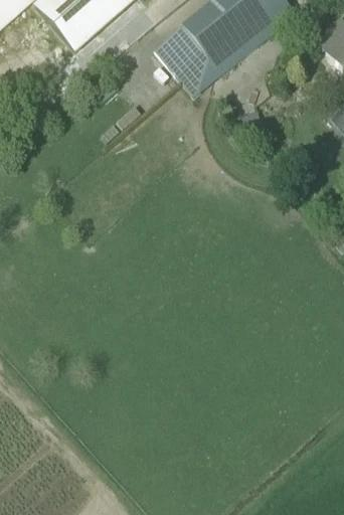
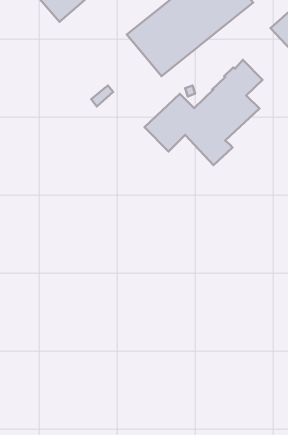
building: none -> [144,60,263,165]

